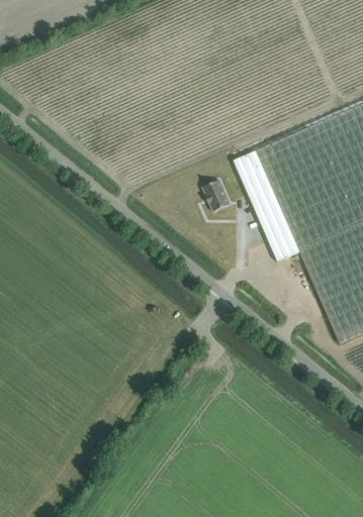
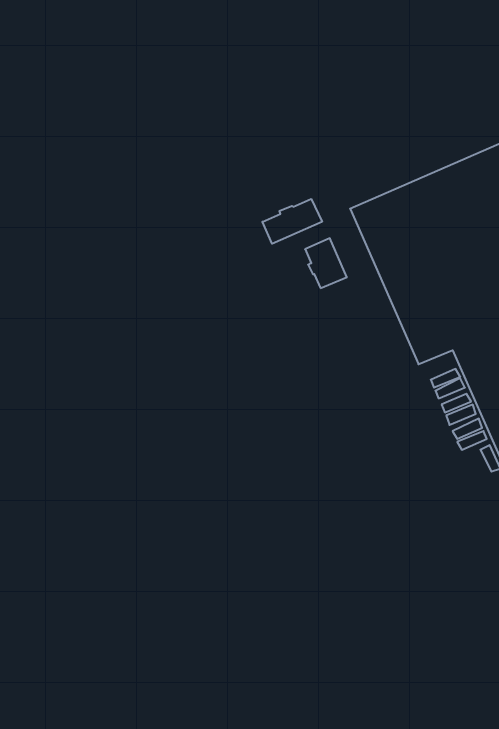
building: none -> [262,199,322,244]

